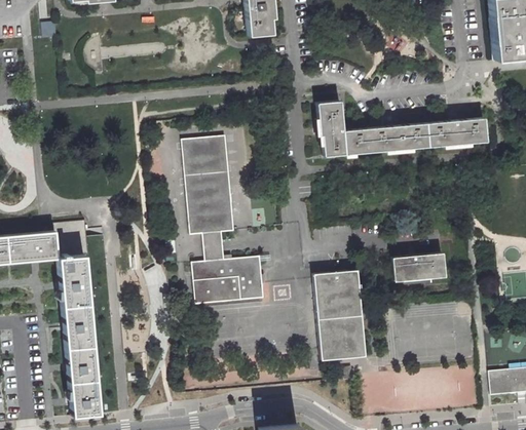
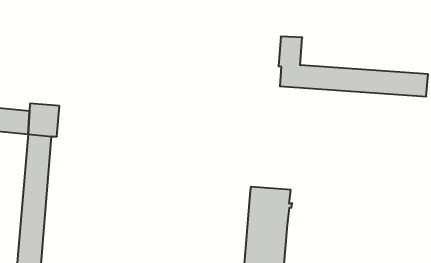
building: [184,135,264,304] -> none
building: [392,255,445,283] -> none

